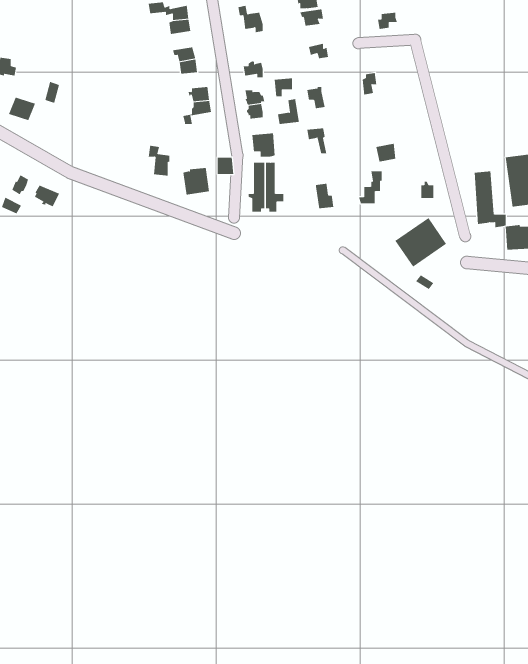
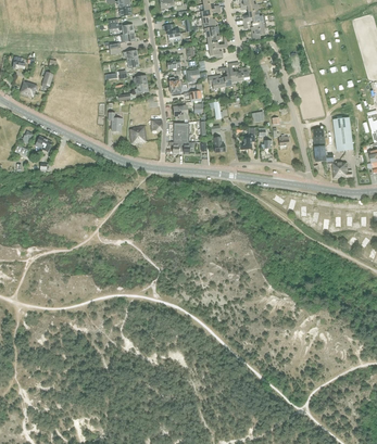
building: [395,217,447,267] -> none

